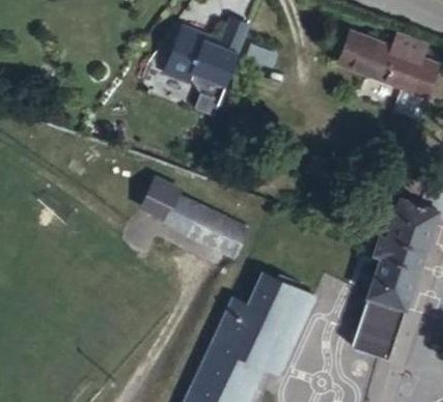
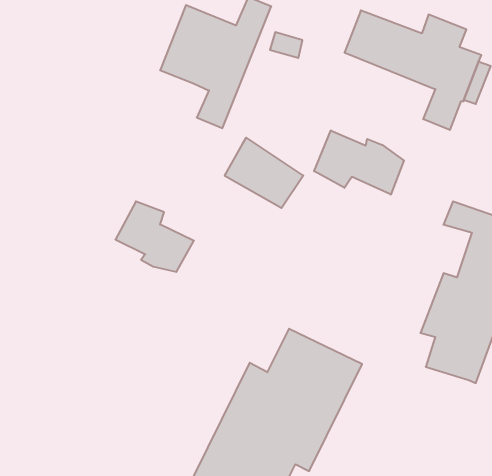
building: none -> [314,130,404,195]
building: [178,197,239,251] -> [225,138,303,208]
building: [354,298,403,357] -> none

